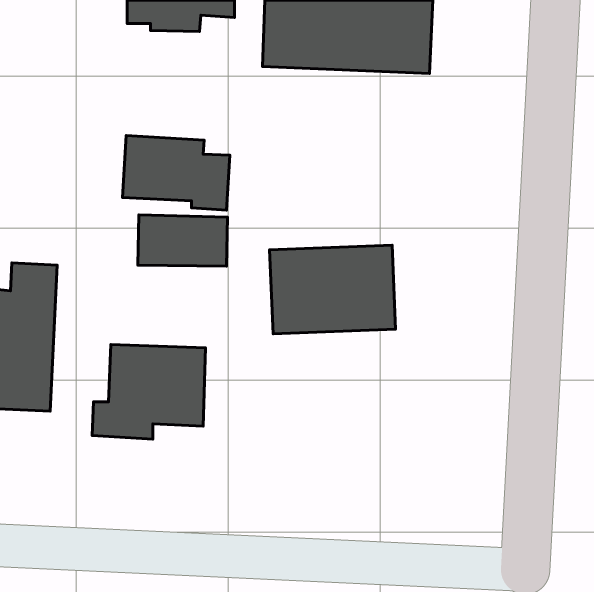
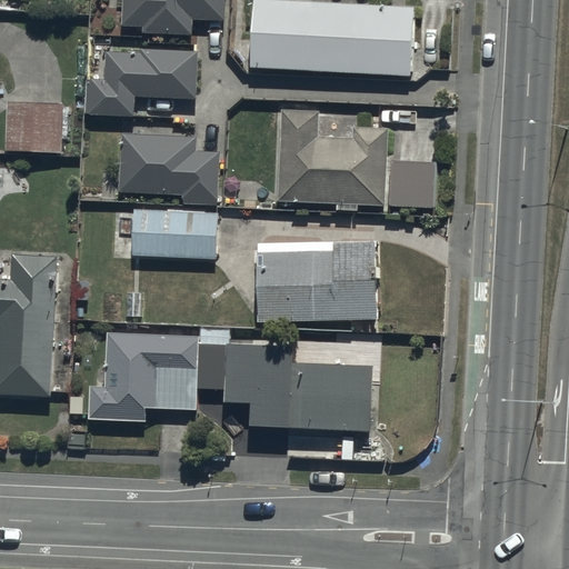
building: none -> [83,50,196,117]
building: none -> [7,102,62,151]
building: none -> [278,110,435,211]
building: none -> [224,340,372,428]

